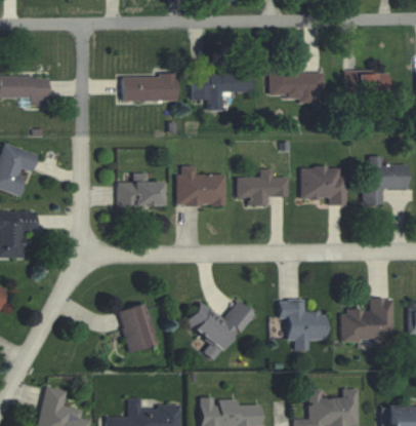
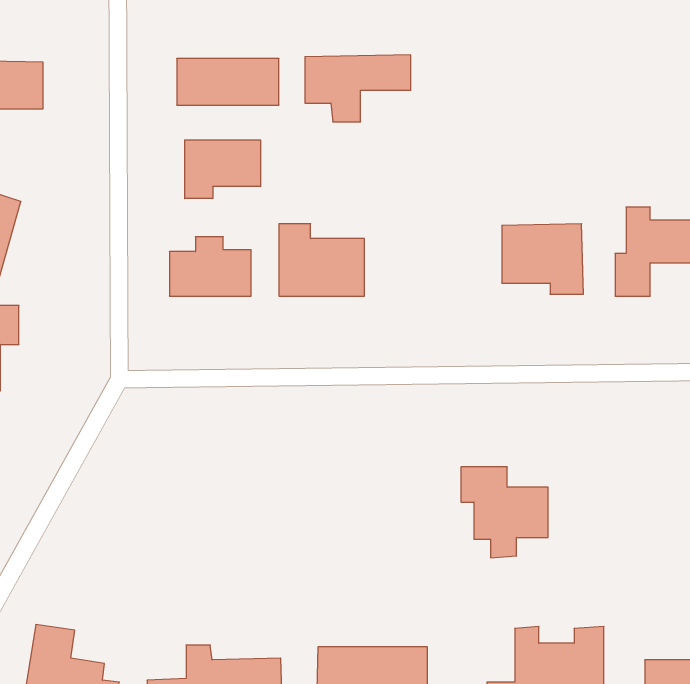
building: [271,71,327,99] -> none
building: [343,72,391,94] -> none
building: none -> [185,140,260,199]
building: [237,169,289,206] -> none
building: [342,299,394,348] -> none
building: [184,302,253,362] -> none
building: [119,304,158,354] -> none

